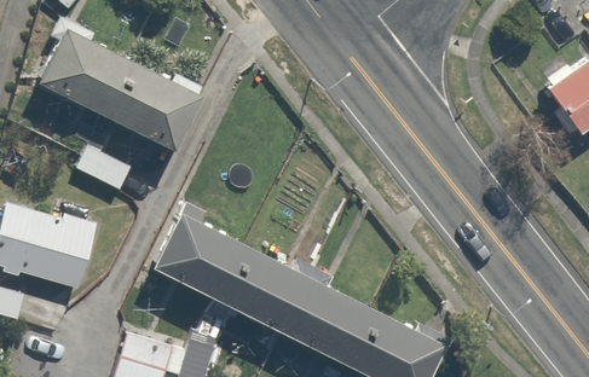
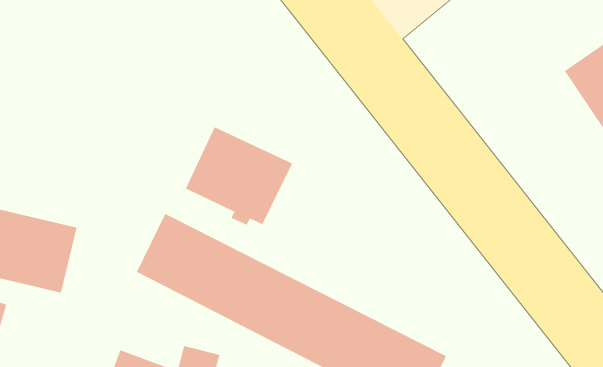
building: [36,27,191,191] -> none
building: none -> [185,126,293,226]

